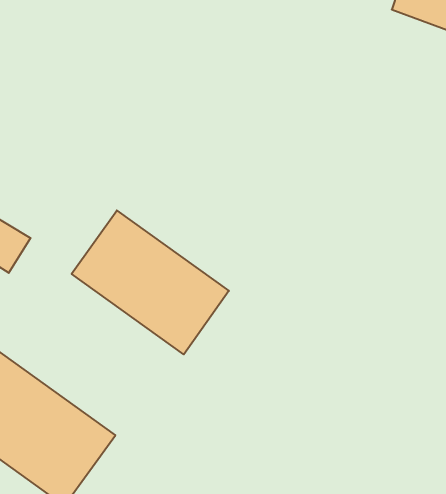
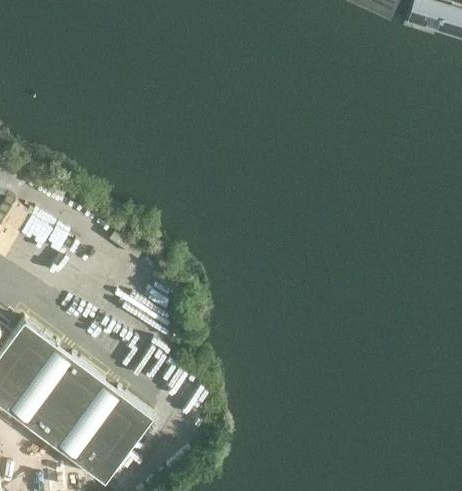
building: [72,210,229,354] -> none

